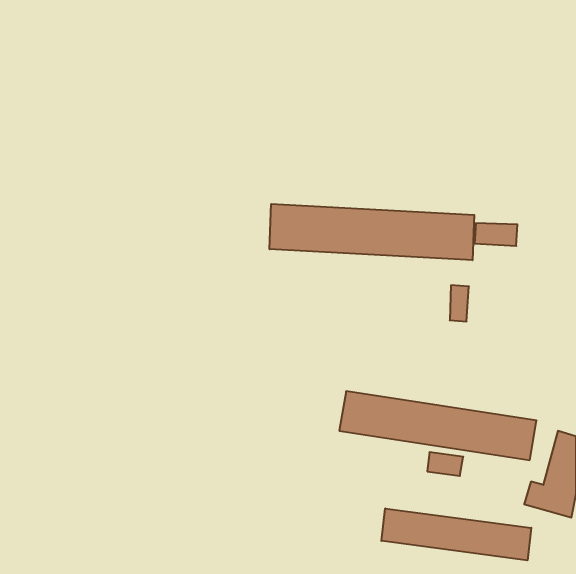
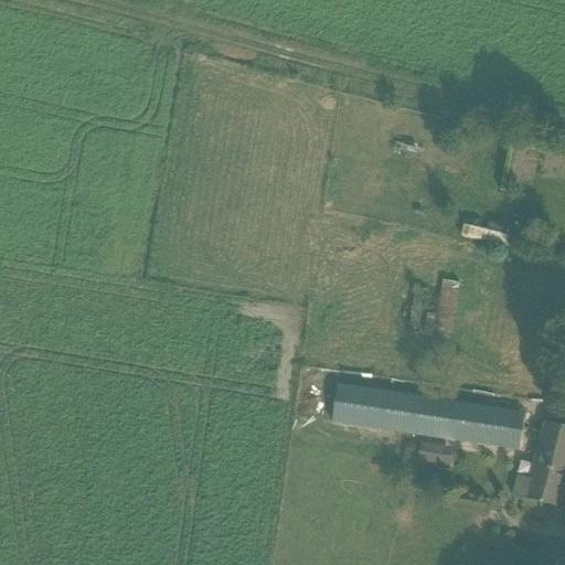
building: [270,204,474,260] -> none
building: [381,508,531,560] -> none

